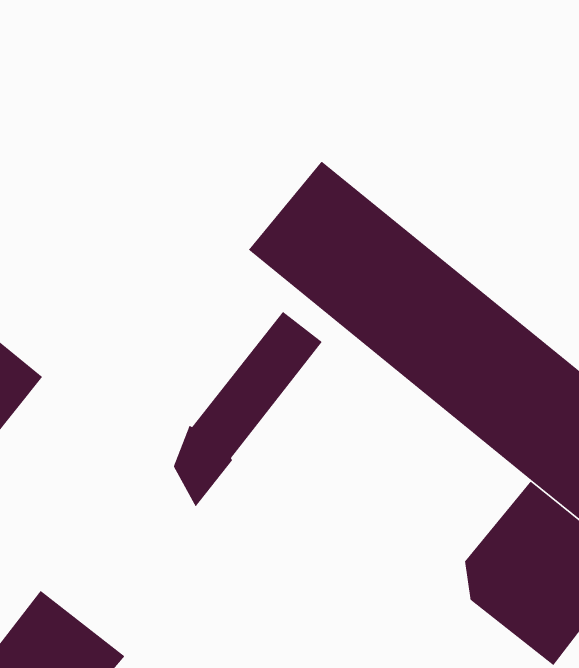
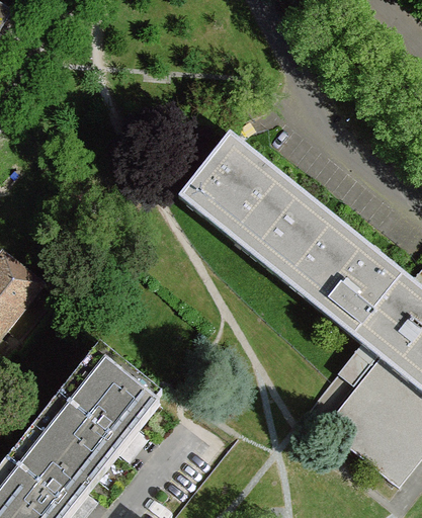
building: [173,311,323,508] -> none
building: none -> [36,356,157,480]

